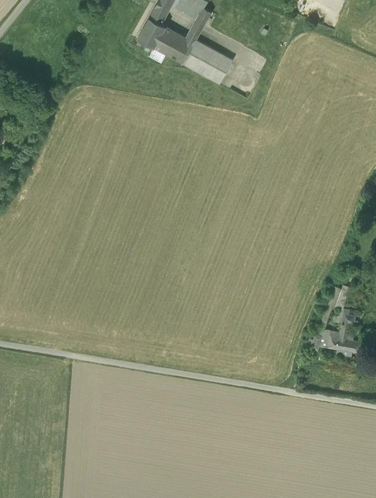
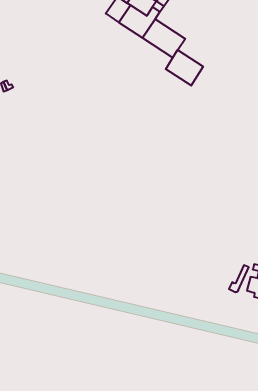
building: none -> [166,50,203,86]

